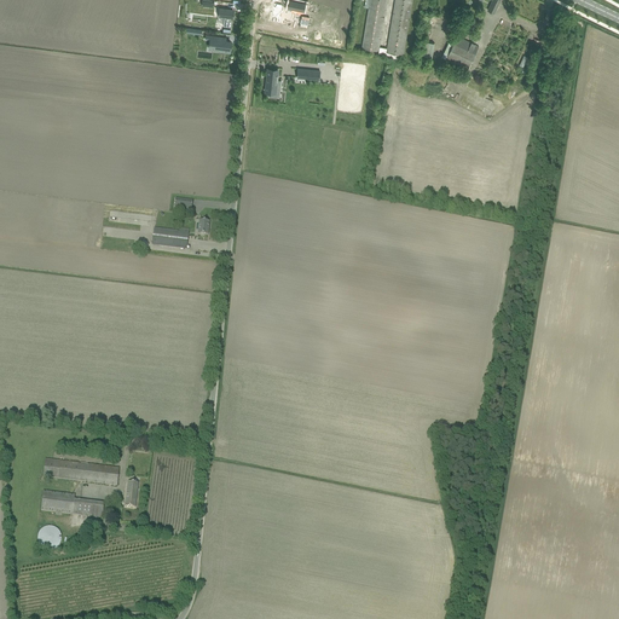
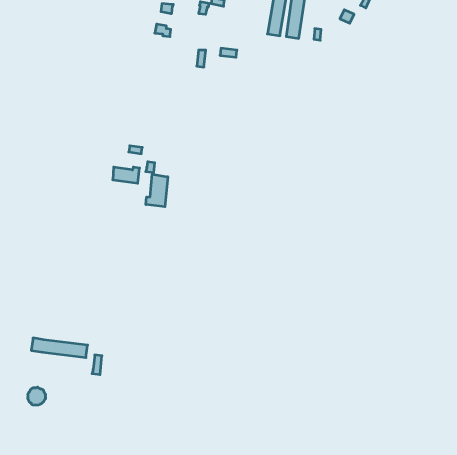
building: [446,33,479,68] -> none
building: none -> [146,174,168,207]
building: [41,490,104,516] -> none

